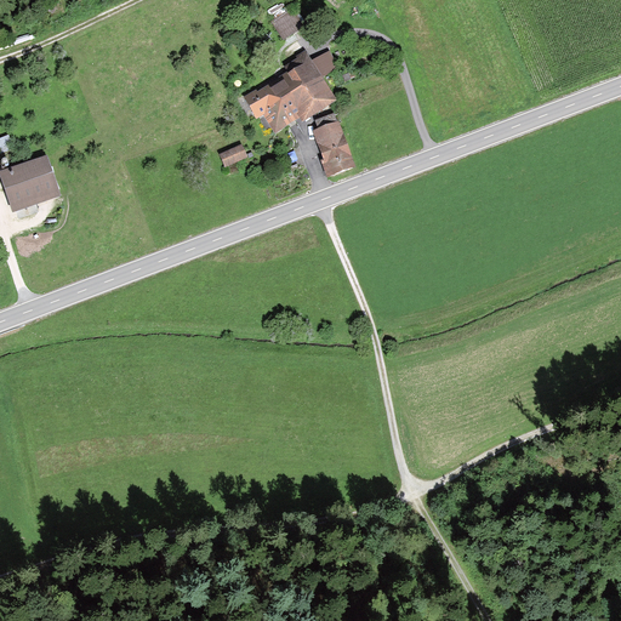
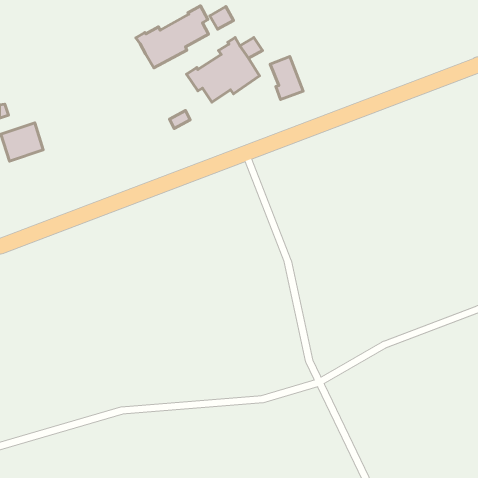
building: none -> [136,6,209,68]
building: [312,120,354,176] -> [270,57,303,100]

